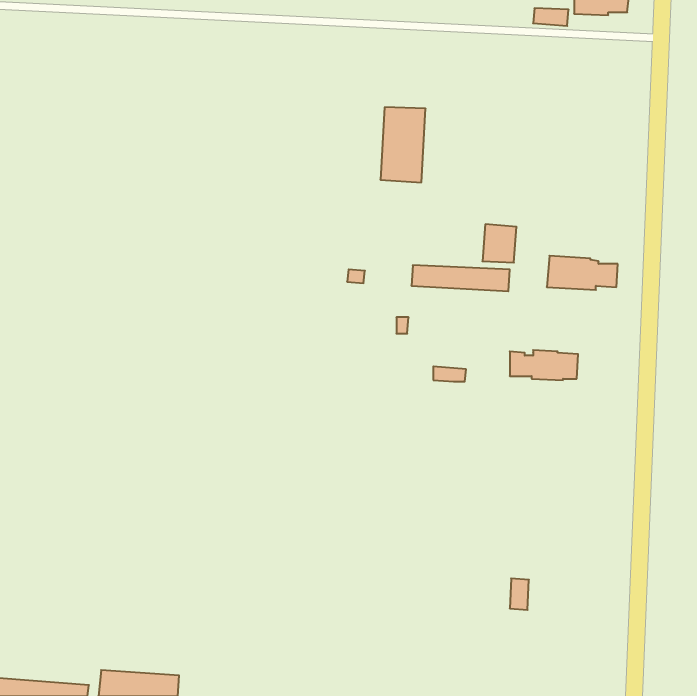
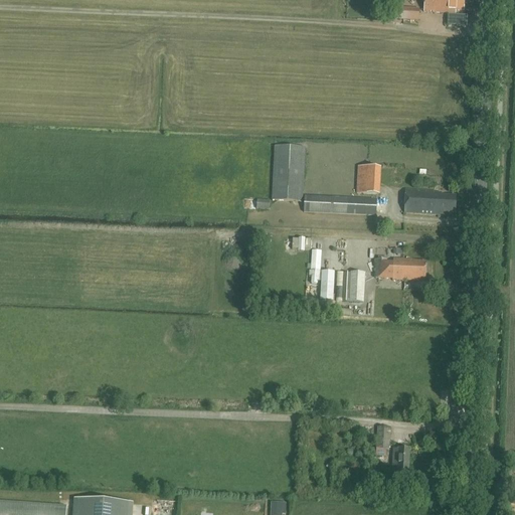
building: [380,107,426,182] -> [271,145,304,200]
building: none -> [348,272,364,302]
building: none -> [391,448,408,472]

